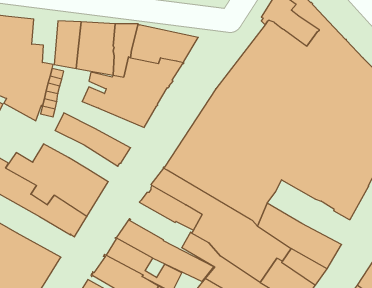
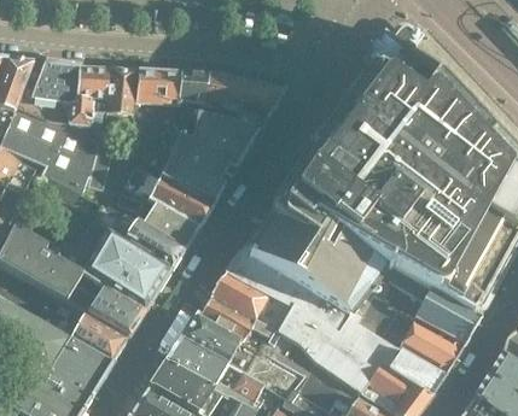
building: none -> [74,66,106,123]
building: none -> [118,166,214,227]
building: none -> [88,203,181,269]
building: none -> [367,266,477,347]
building: none -> [196,294,270,342]
building: none -> [56,310,124,363]

